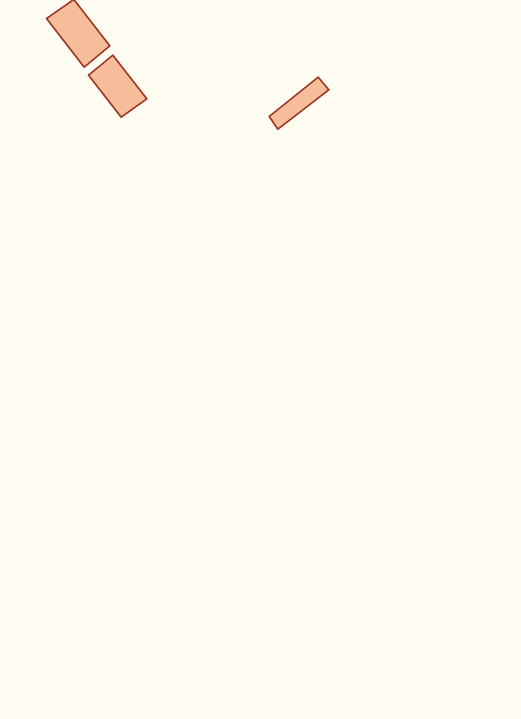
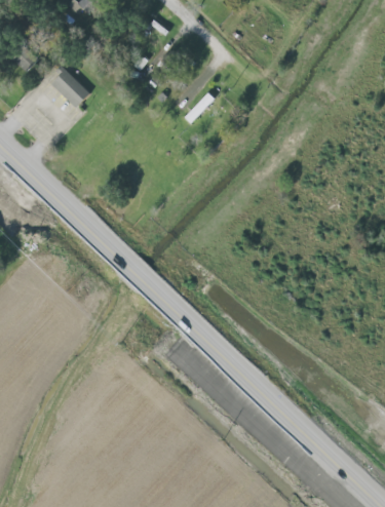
building: [89,55,147,117] -> none

